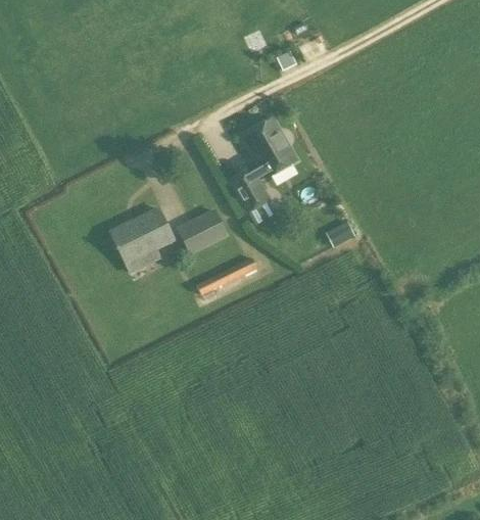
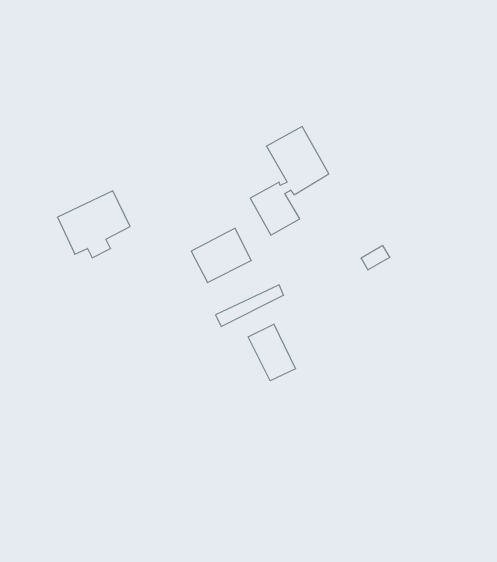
building: [110,207,175,267] -> [57,191,130,258]
building: none -> [248,324,295,381]

